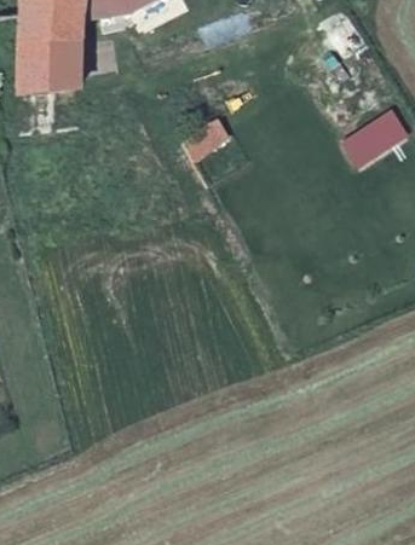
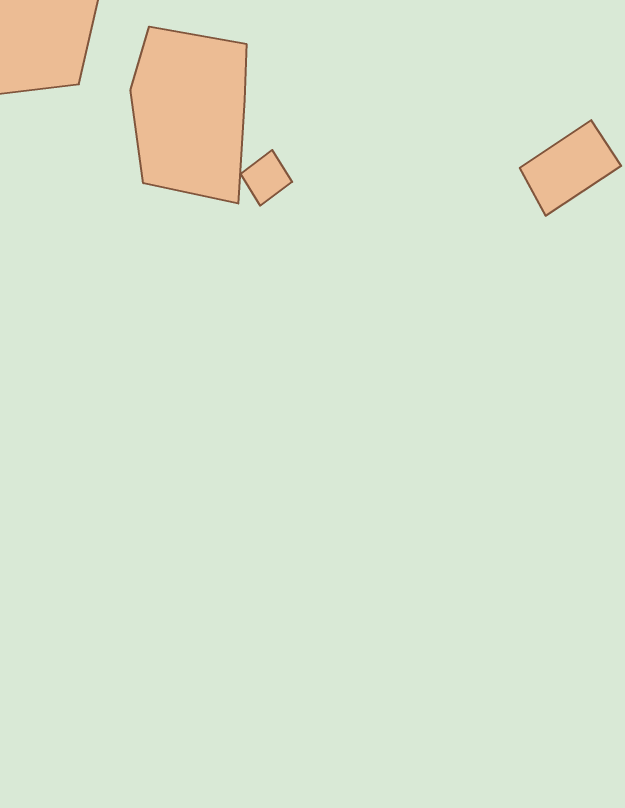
building: none -> [131,27,246,204]

